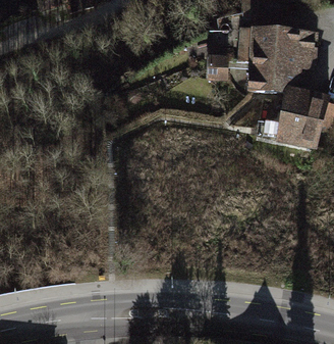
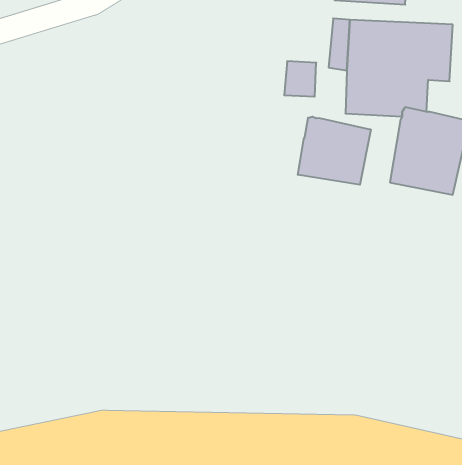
building: none -> [298,117,371,185]

